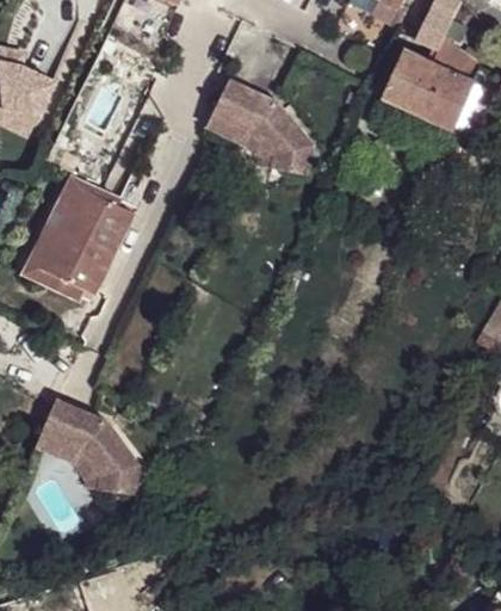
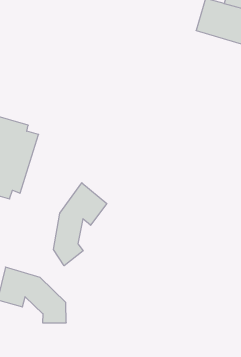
building: [208,81,311,174] -> none
building: none -> [53,183,107,266]

